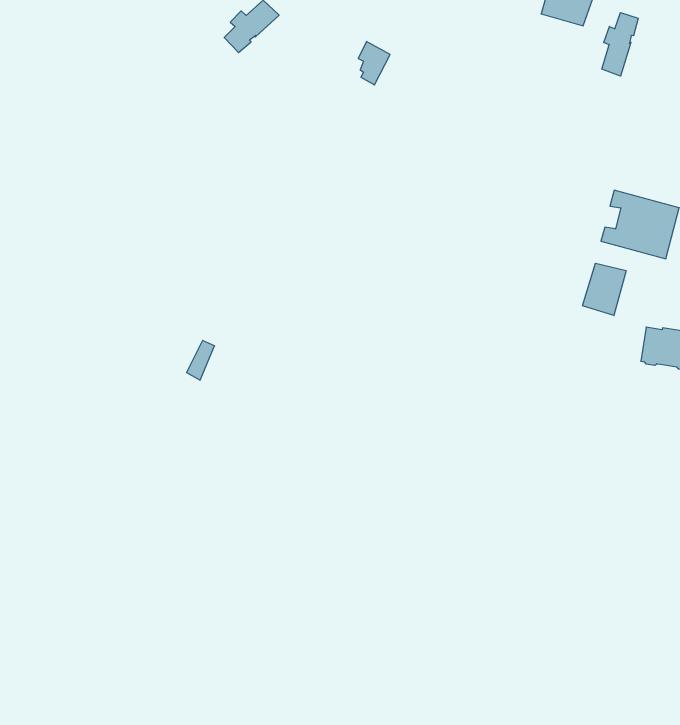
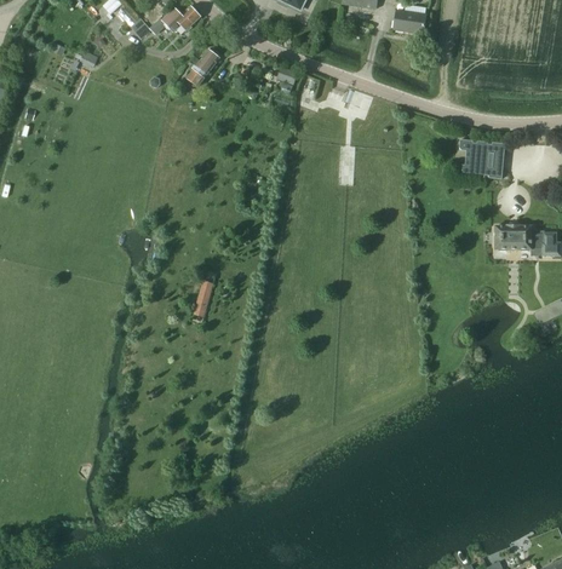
building: [602,13,638,76] -> none
building: [582,263,626,316] -> none

